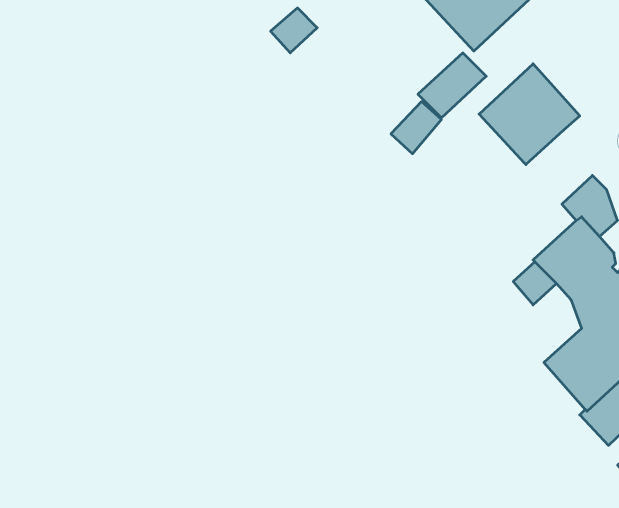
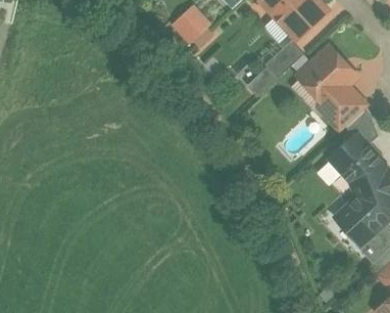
building: none -> [320,85,368,131]

